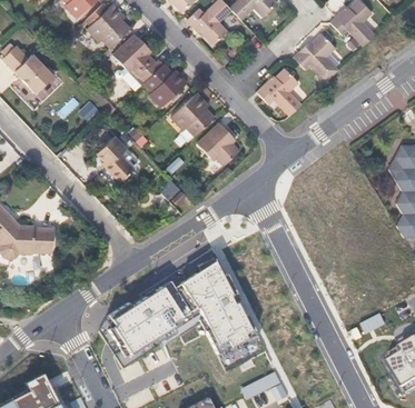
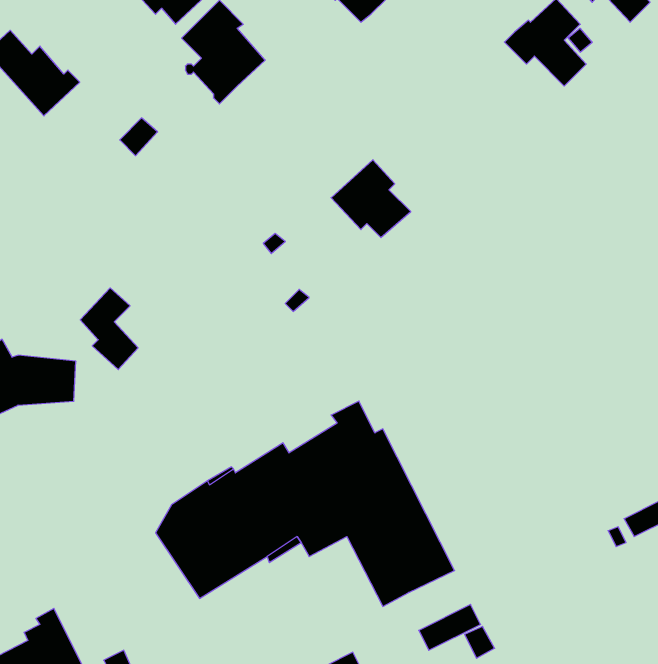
building: [145,63,187,106] -> none
building: [258,68,303,115] -> none
building: [172,92,215,136] -> none
building: [99,142,131,188] -> [80,288,138,370]

